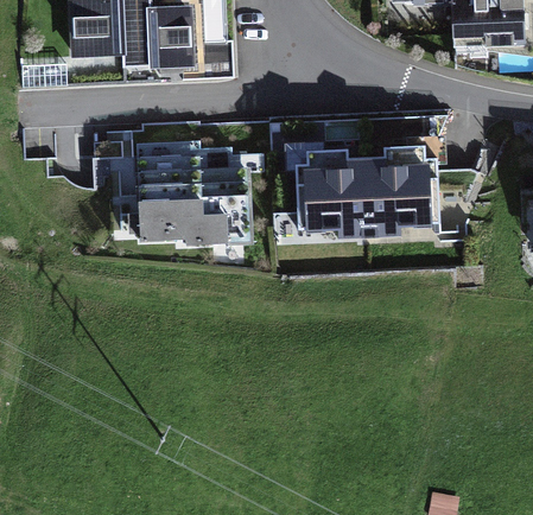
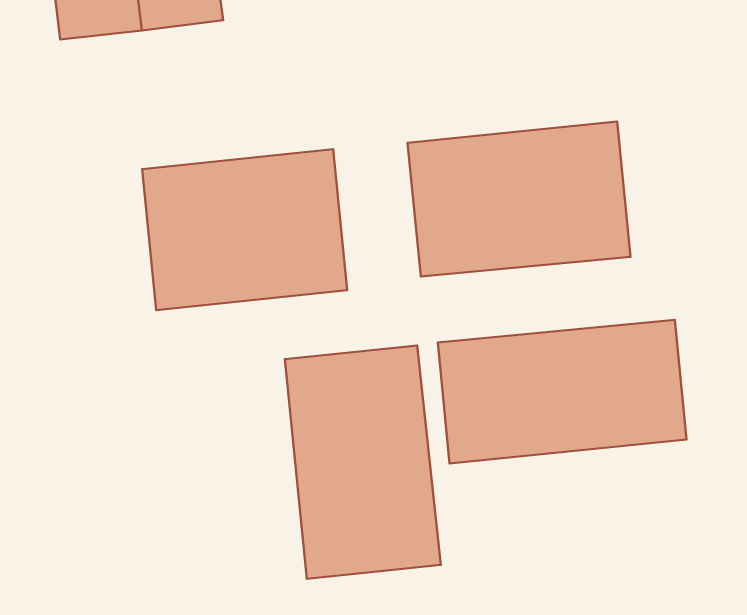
building: none -> [438,320,687,464]
building: none -> [285,345,441,579]

